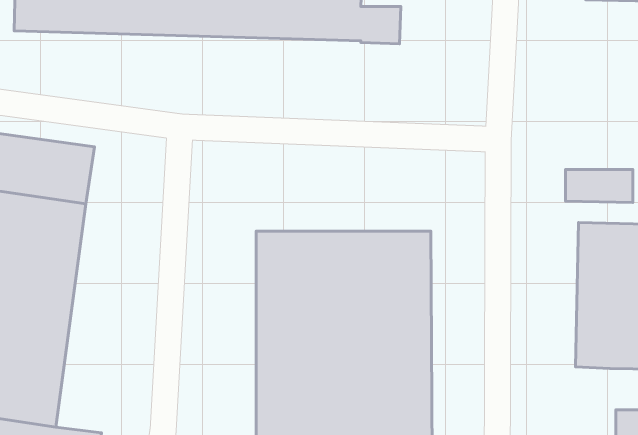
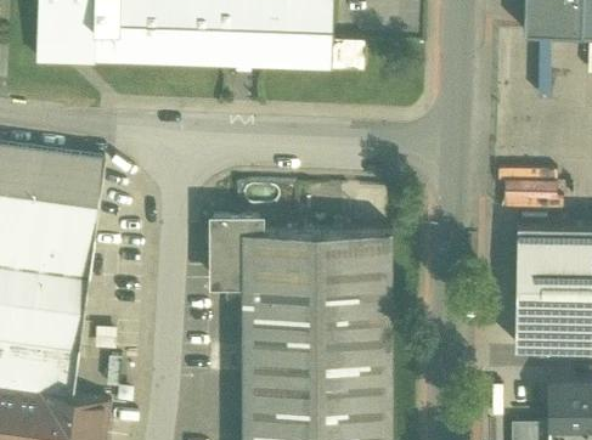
building: none -> [213,218,260,282]

